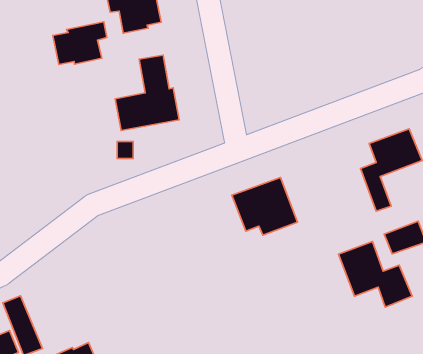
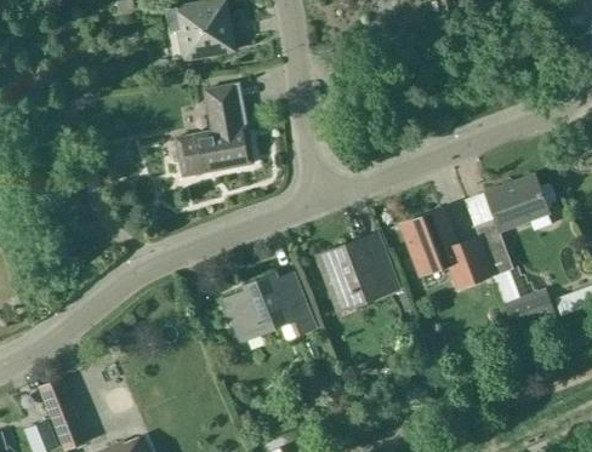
building: [53,22,107,64] -> none
building: none -> [223,271,317,343]
building: [338,241,412,307] -> [402,208,491,288]

